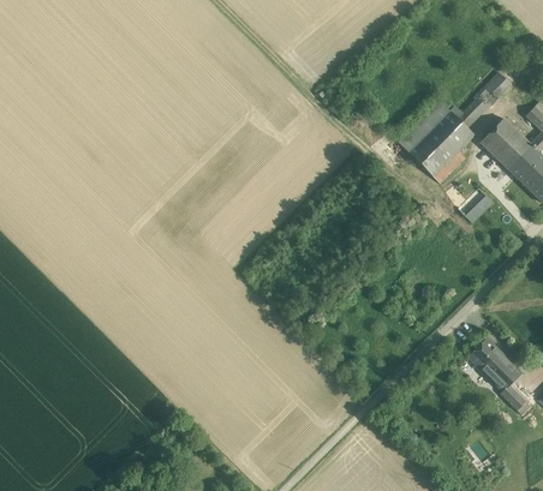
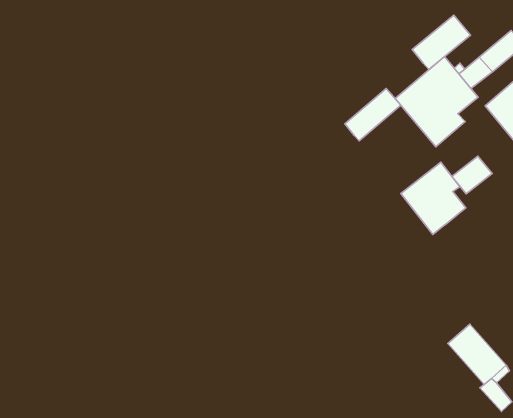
building: none -> [412,15,470,70]
building: none -> [345,88,401,141]
building: none -> [401,162,466,235]

